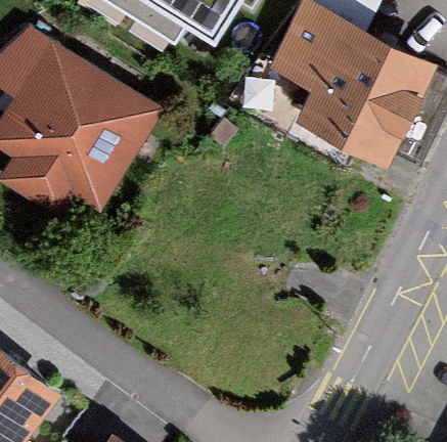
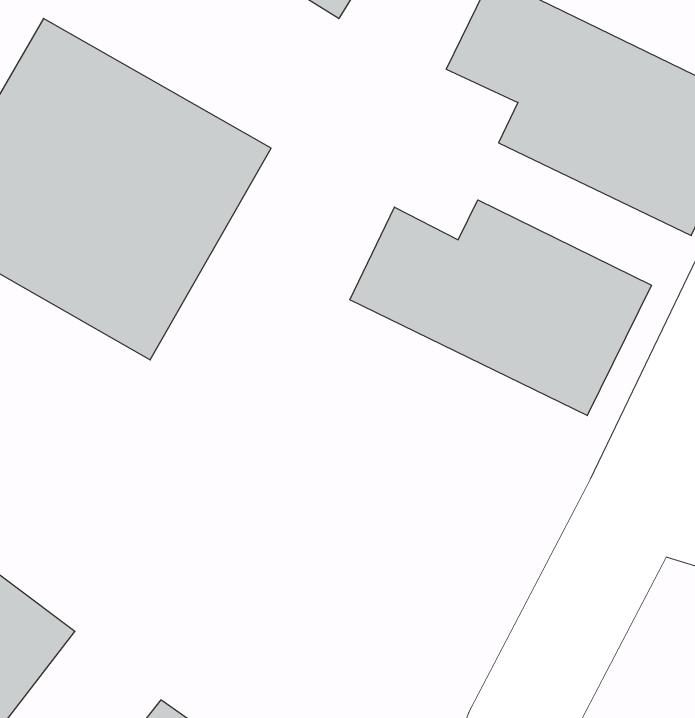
building: none -> [350,200,651,416]

